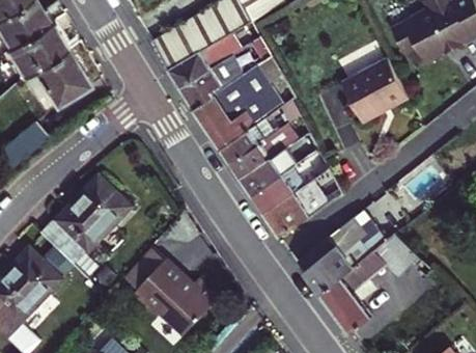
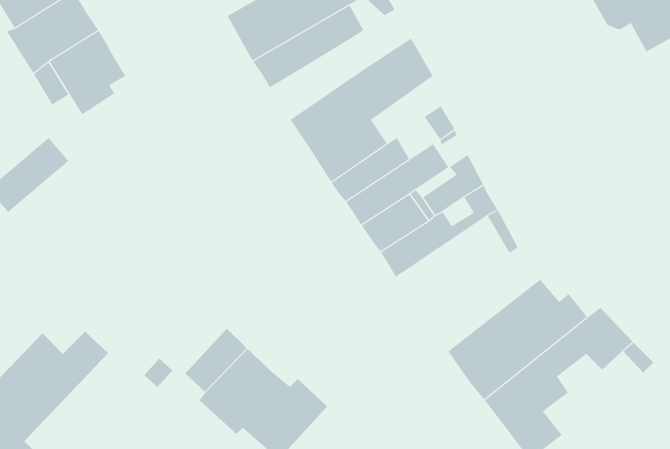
building: [179,56,243,109] -> none
building: [343,57,410,121] -> none
building: [44,178,129,276] -> none
building: [262,179,329,238] -> none

